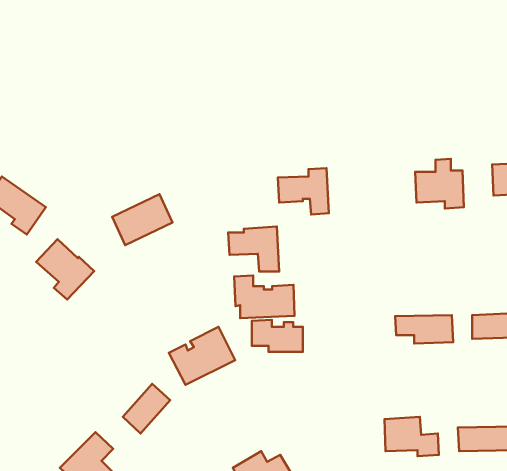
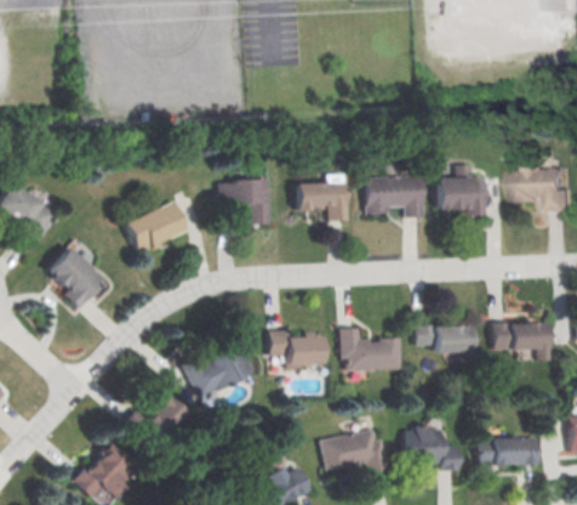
building: none -> [365,174,422,217]
building: [228,226,279,271] -> [217,177,269,223]
building: [234,275,295,318] -> [339,327,401,370]
building: none -> [320,430,387,473]

